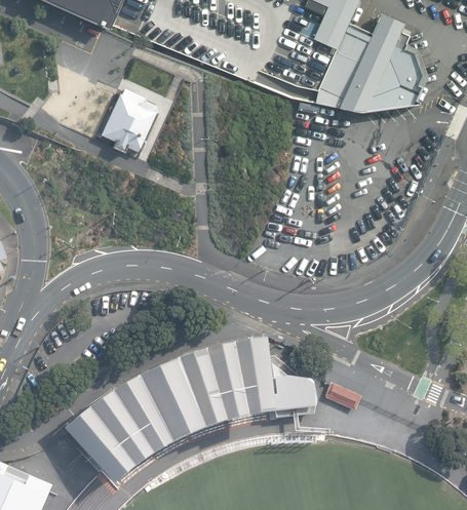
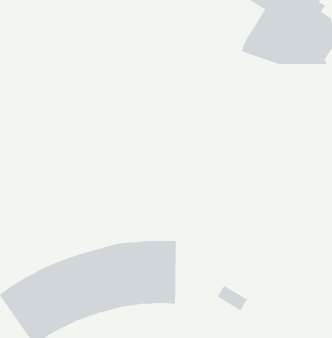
building: [99,87,157,154] -> none
building: [274,376,317,417] -> none

